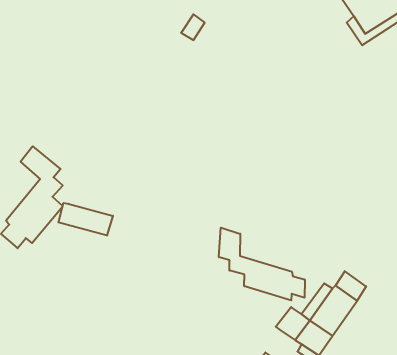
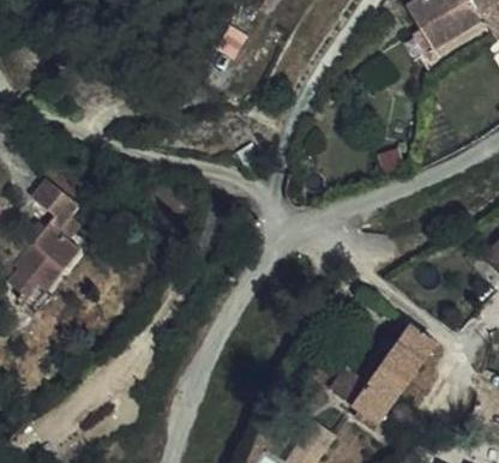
building: [58,203,113,236] -> none
building: [219,228,305,300] -> none

